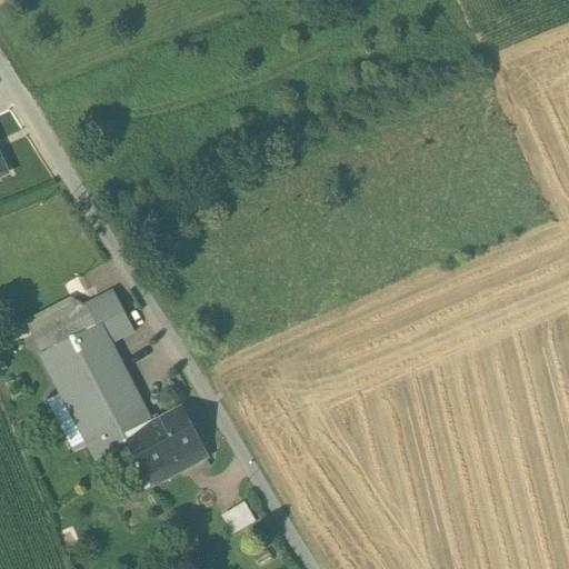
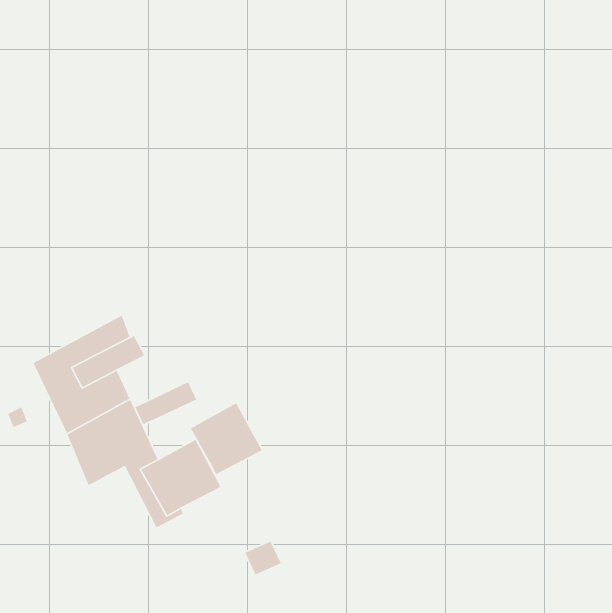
building: none -> [134,381,197,425]
building: none -> [190,402,263,475]

